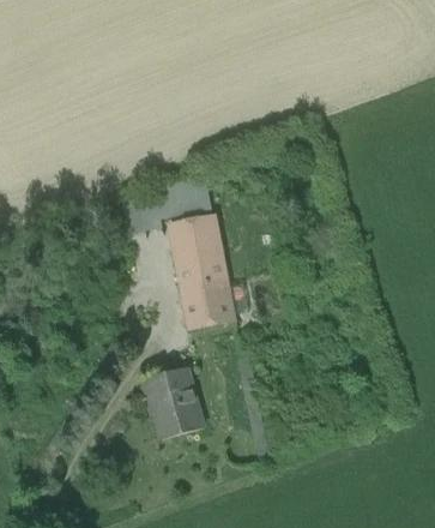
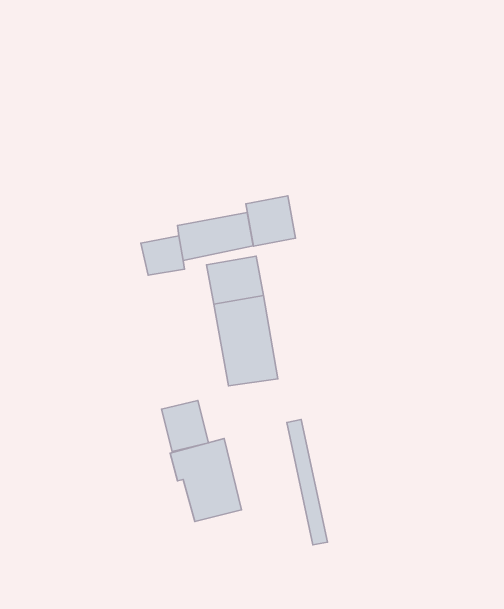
building: none -> [246,196,296,246]
building: none -> [161,400,208,452]

